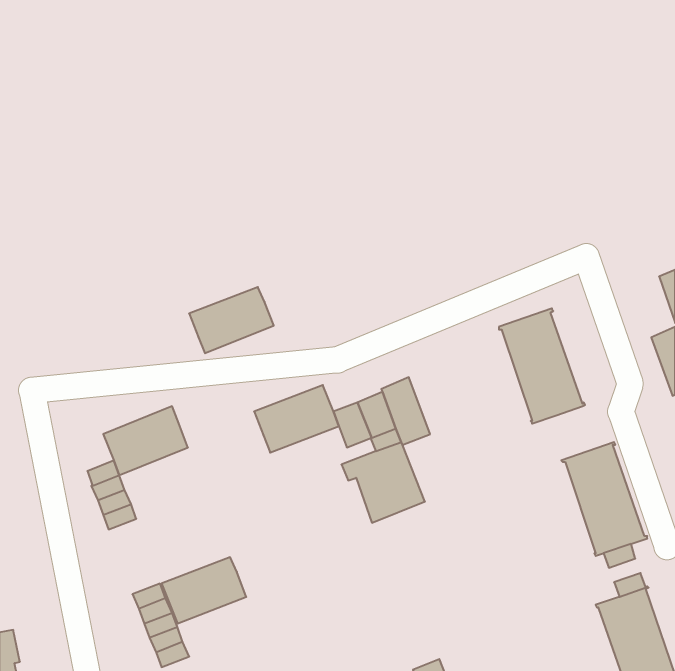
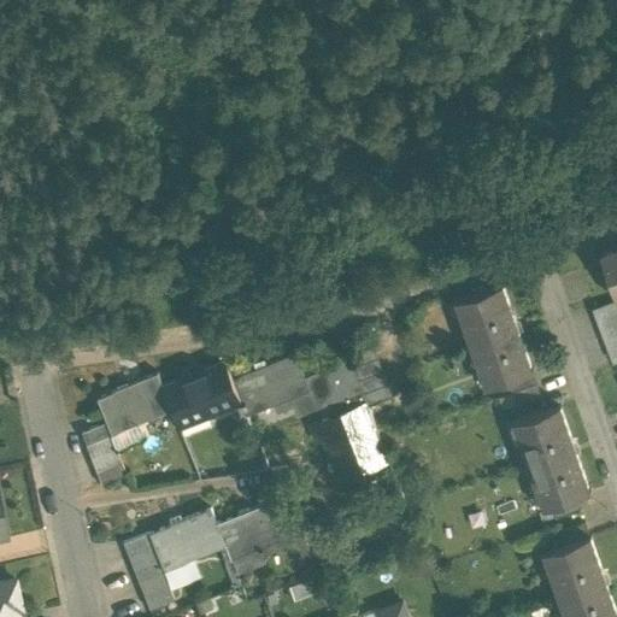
building: [189,287,274,353] -> [163,366,240,427]
building: none -> [506,375,540,409]
building: none -> [216,500,293,563]

